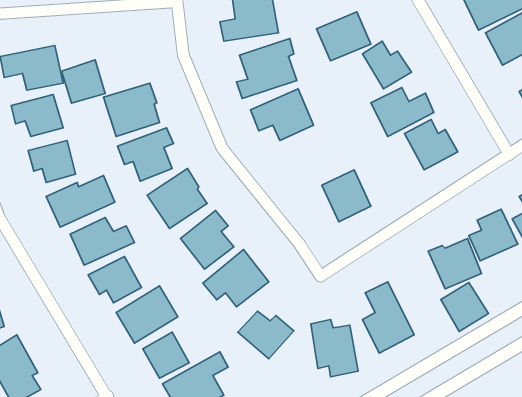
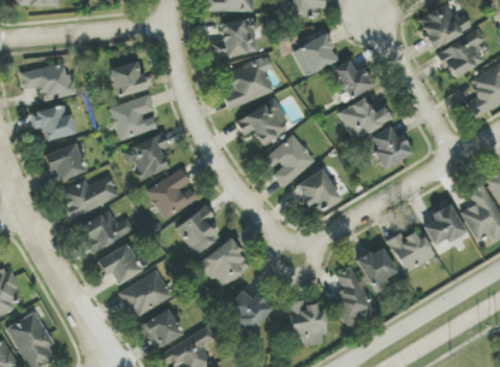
building: [62,60,105,103] -> [109,59,147,96]
building: none -> [264,132,316,187]
building: [441,283,488,332] -> [356,244,397,286]

